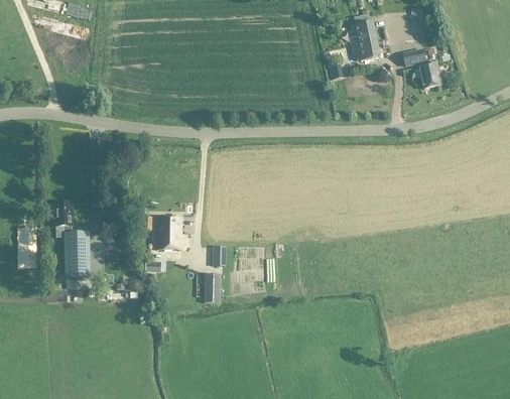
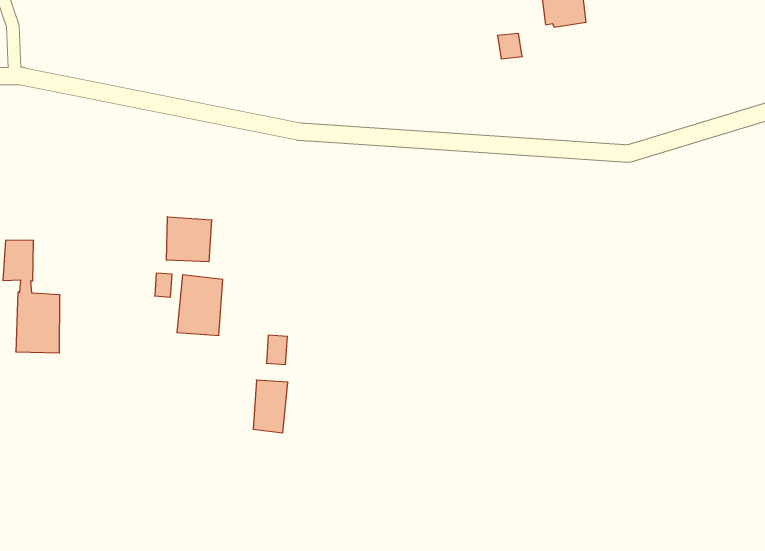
building: [403,49,440,89] -> none
building: none -> [166,217,212,262]

